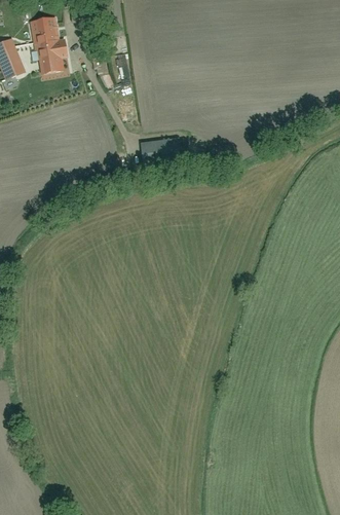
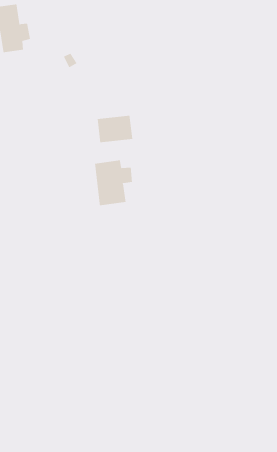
building: none -> [95,160,133,206]

